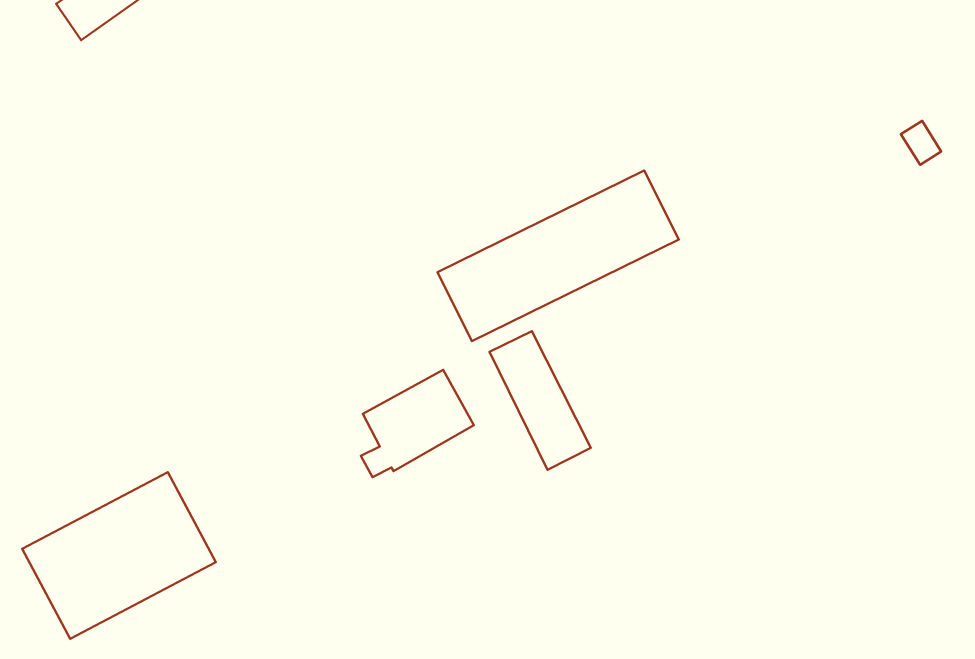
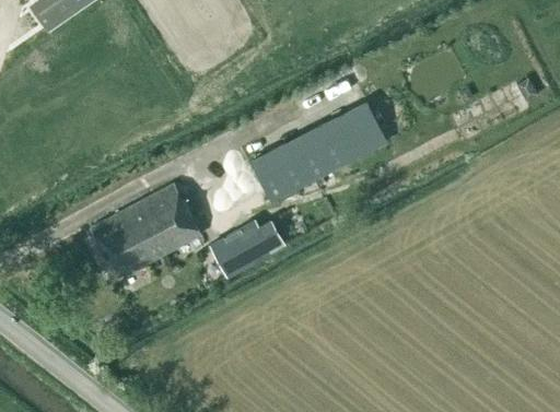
building: [490,331,591,470] -> none
building: [22,472,216,639] -> [91,183,201,278]

